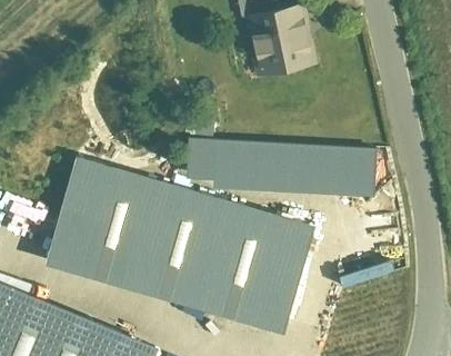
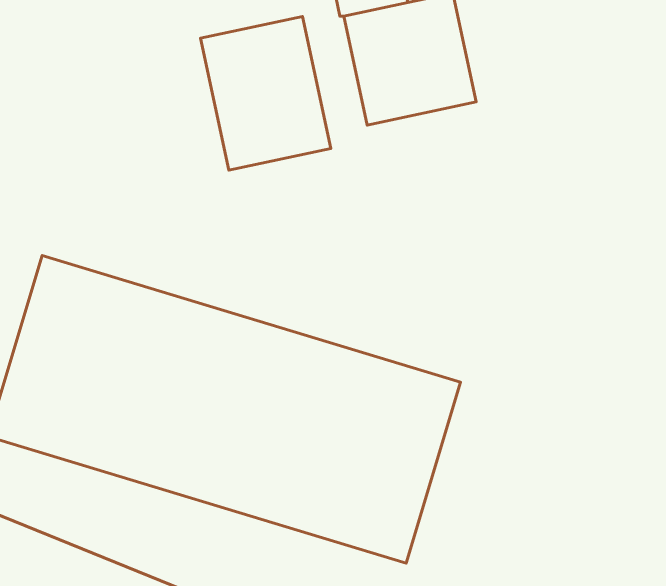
building: none -> [201,16,331,170]
building: [198,142,389,197] -> none

